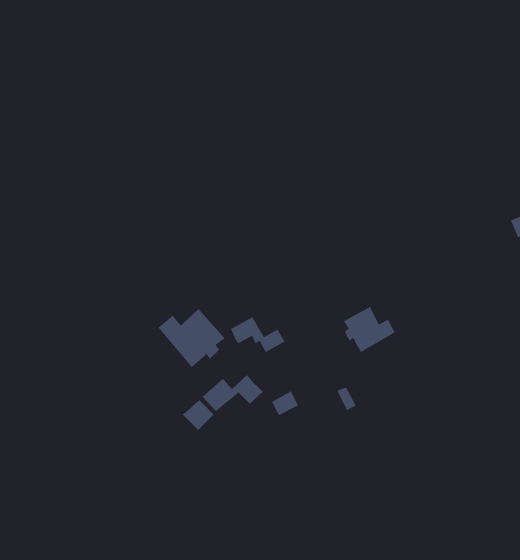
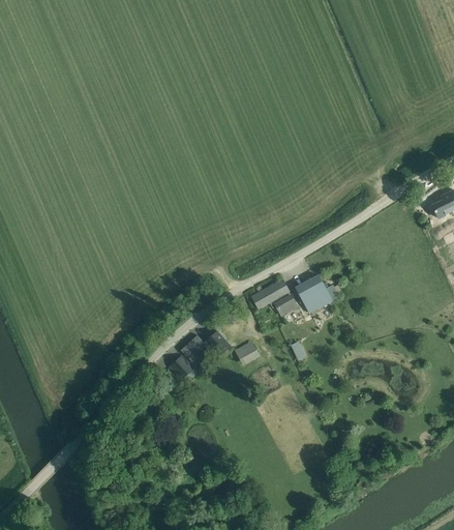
building: [158,308,225,368] -> none
building: [230,316,285,353] -> [252,286,298,316]

